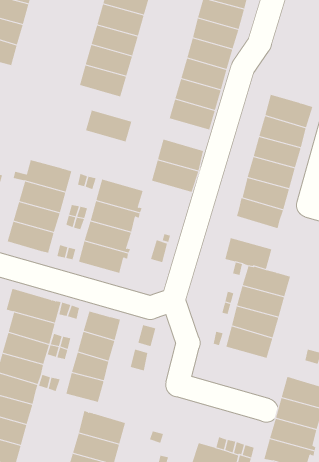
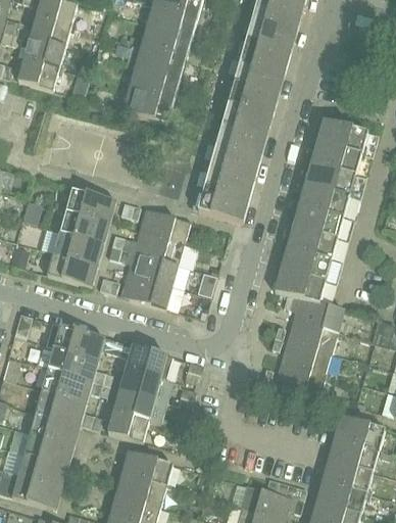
building: [85,110,132,142] -> [210,144,259,178]
building: none -> [281,246,331,281]

